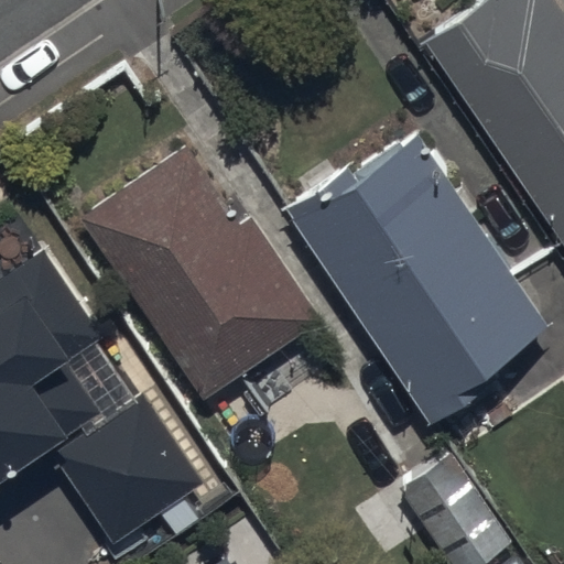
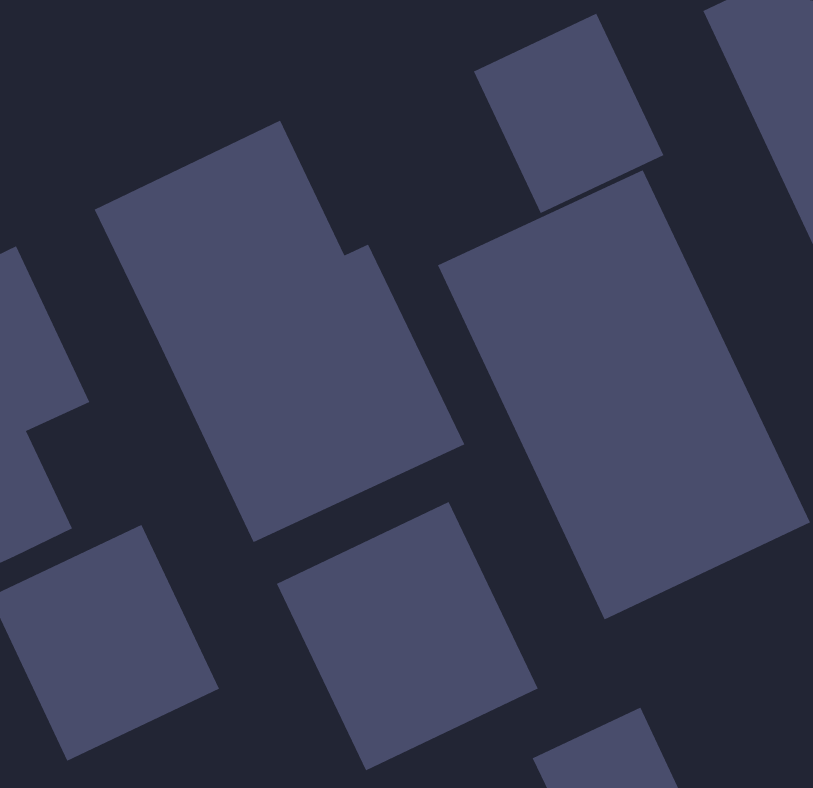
building: none -> [473,13,664,214]
building: none -> [276,501,539,771]

